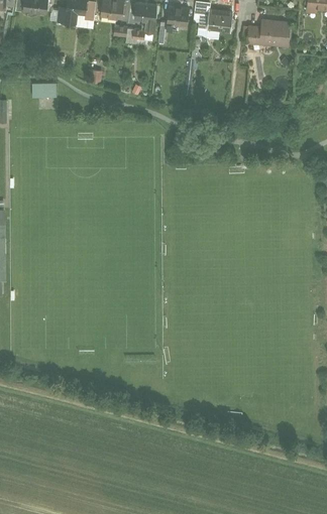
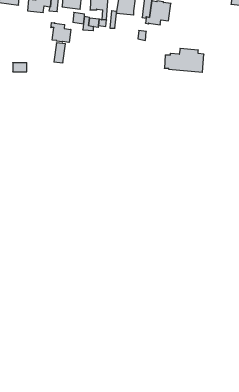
building: [241,16,290,45] -> [164,48,204,72]
building: none -> [51,23,71,42]

